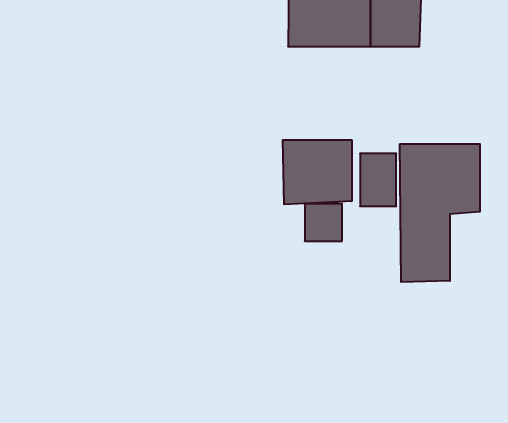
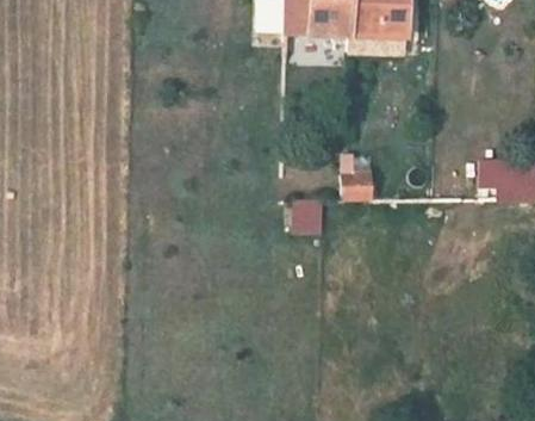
building: [283,140,352,204] -> none
building: [400,144,480,282] -> none

